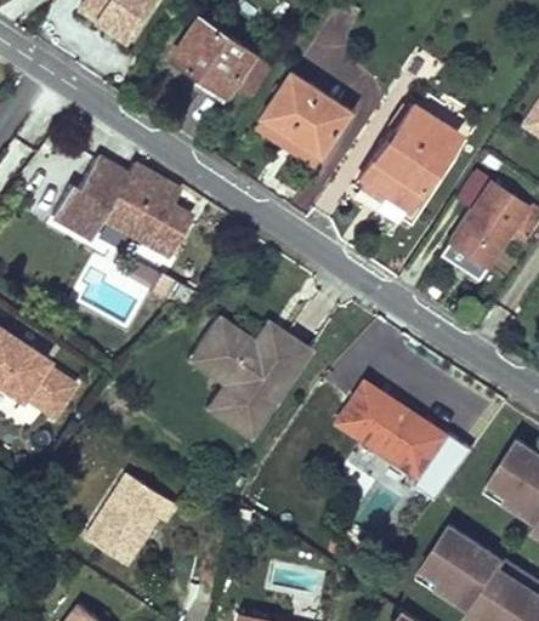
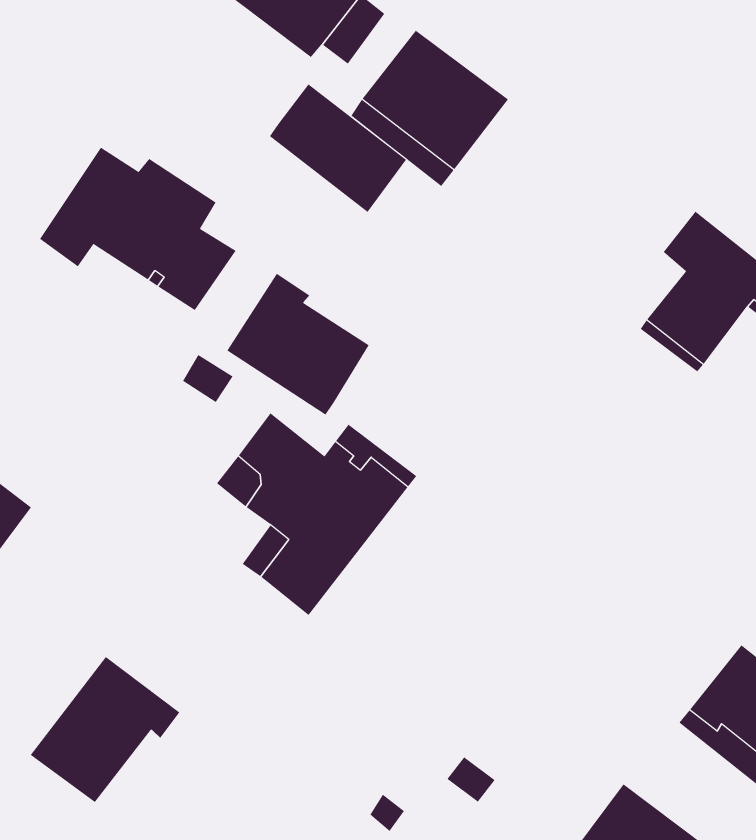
building: [358,103,455,211] -> none
building: none -> [269,83,407,213]
building: none -> [227,273,370,415]
building: [336,387,447,478] -> none

